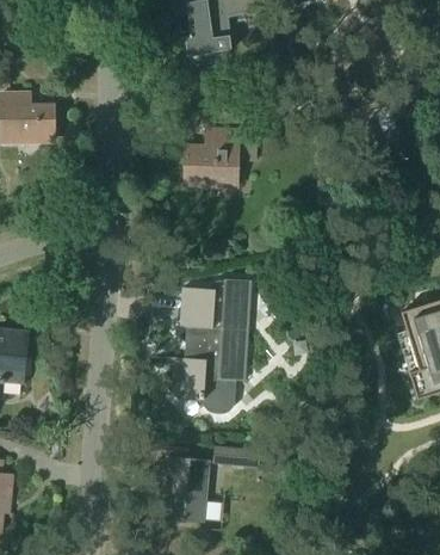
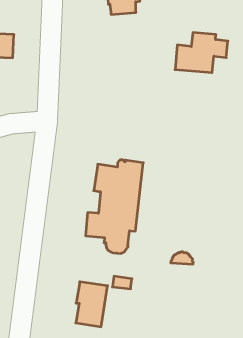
building: [185,128,259,184] -> [175,33,228,73]

